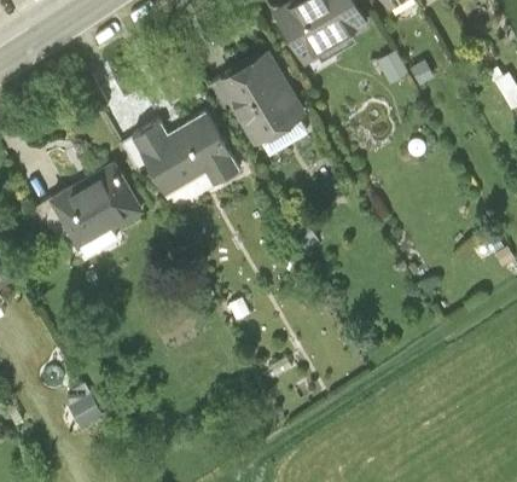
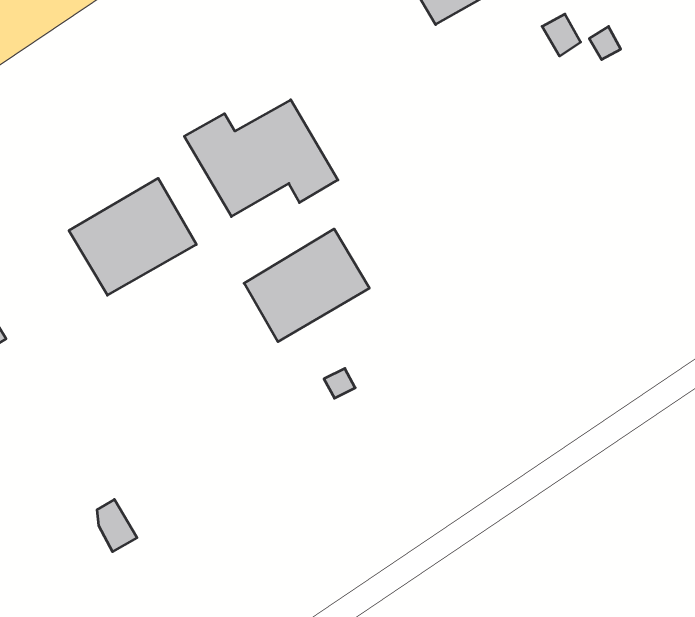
building: [221,54,304,155] -> none
building: none -> [244,229,369,342]

